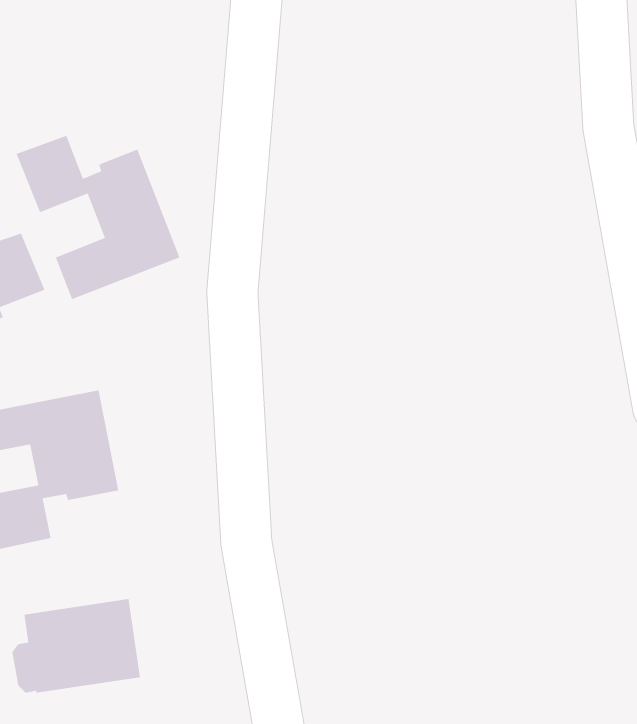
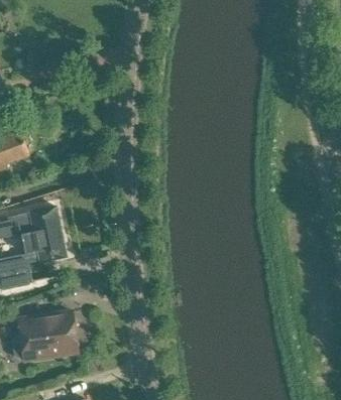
building: [16,135,181,300] -> none

